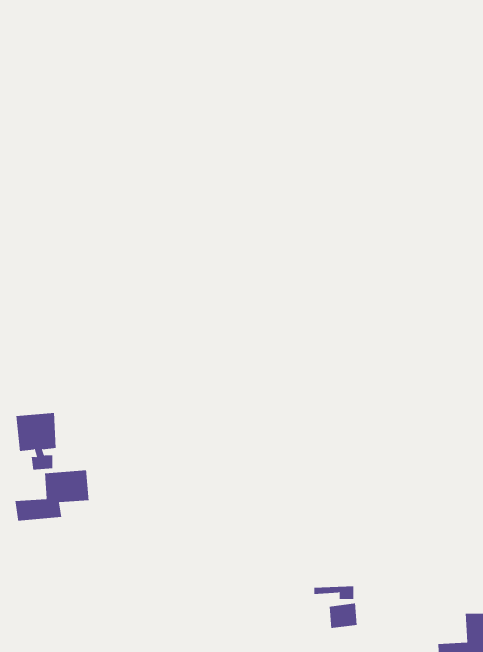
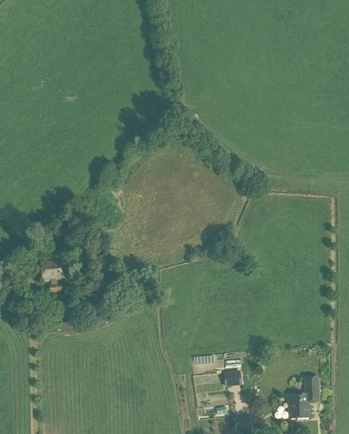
building: [15,469,89,521] -> none

